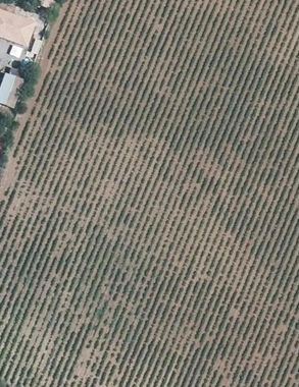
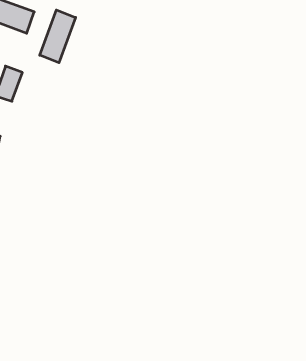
building: none -> [40,10,76,63]

